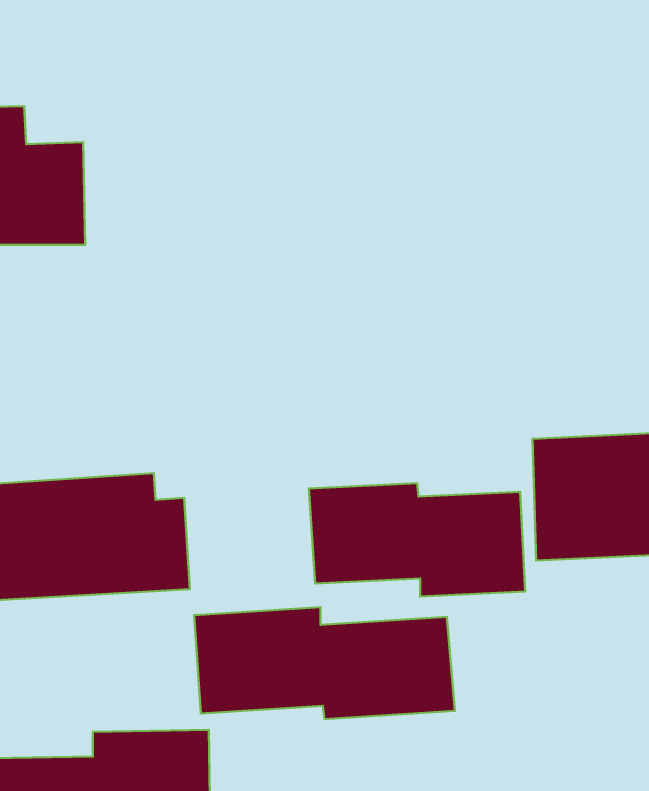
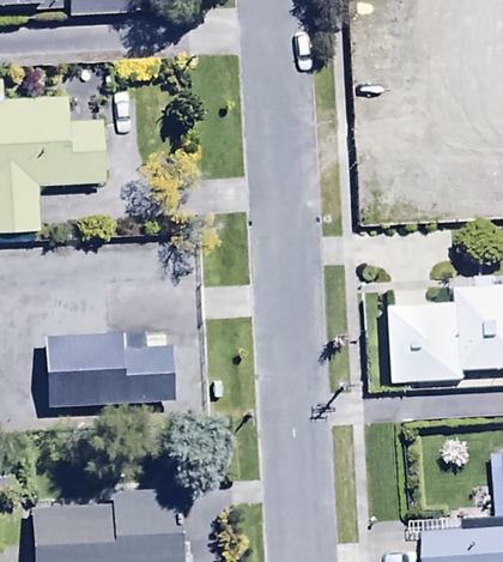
building: [309,483,525,597] -> none
building: [194,607,455,719] -> none

